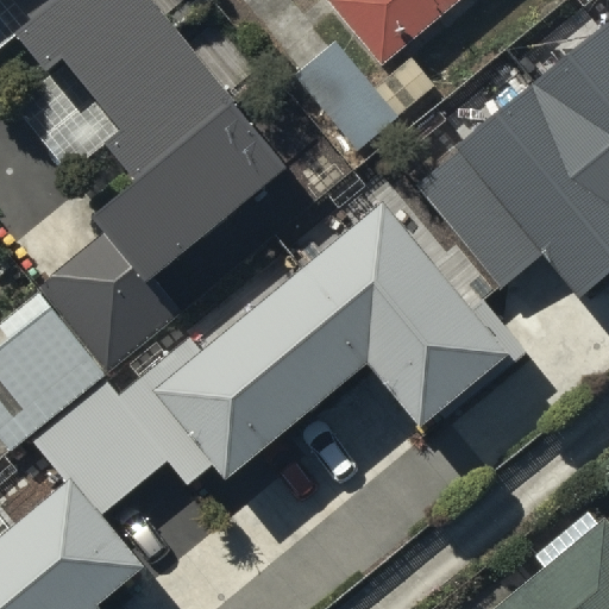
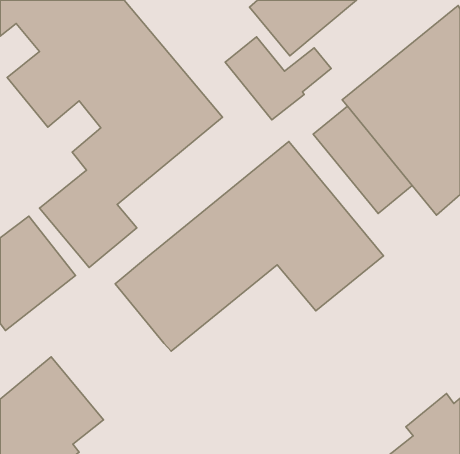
building: [37,339,216,521] -> none

